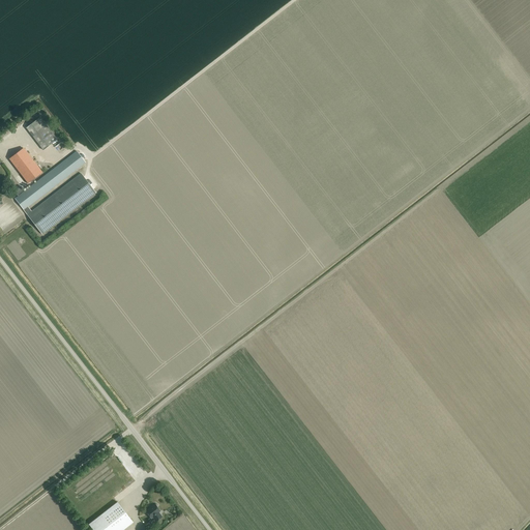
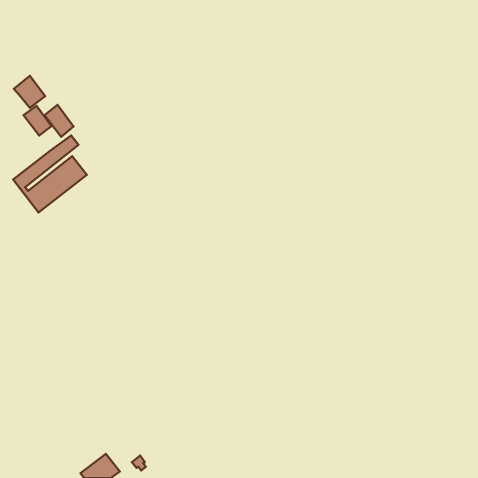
building: none -> [14,76,45,108]
building: [9,148,41,183] -> [44,105,73,137]

